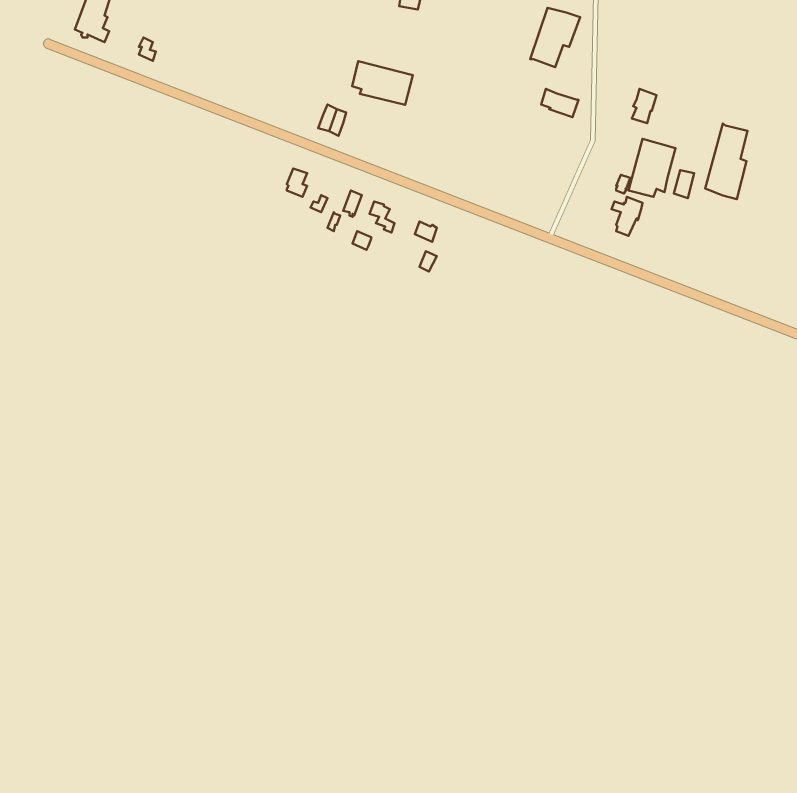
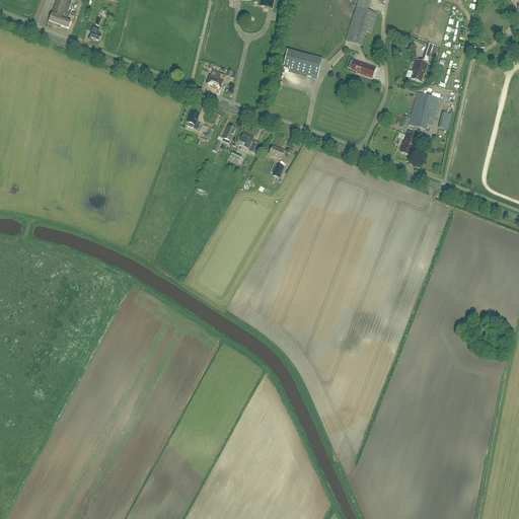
building: [352,61,413,105] -> [283,48,322,76]
building: [705,123,748,199] -> none

